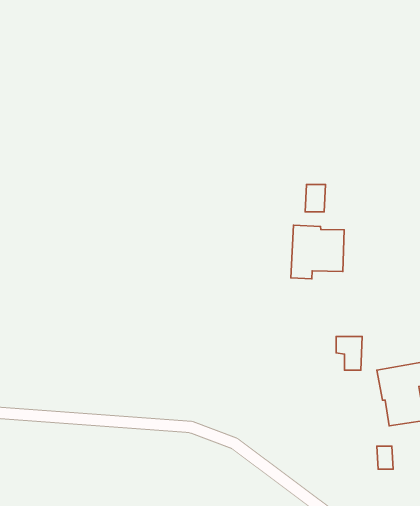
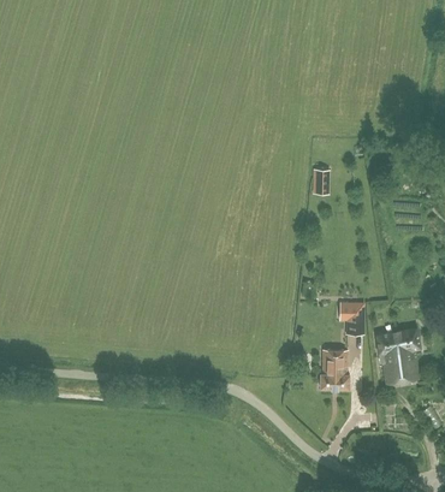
building: [291,225,344,279] -> none
building: none -> [319,349,348,389]

